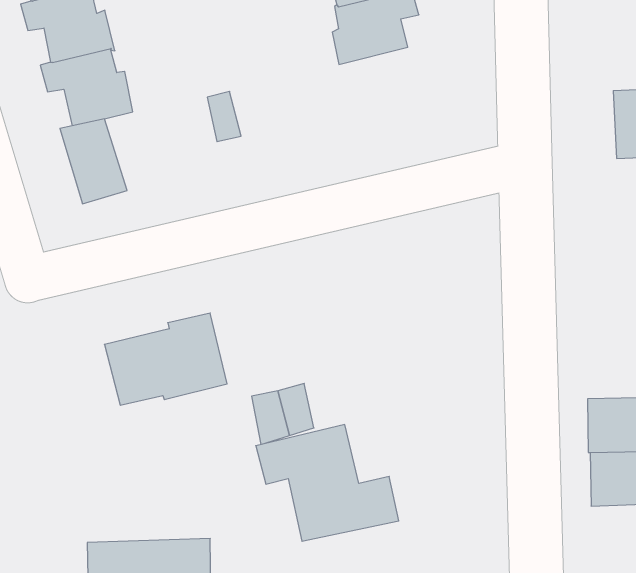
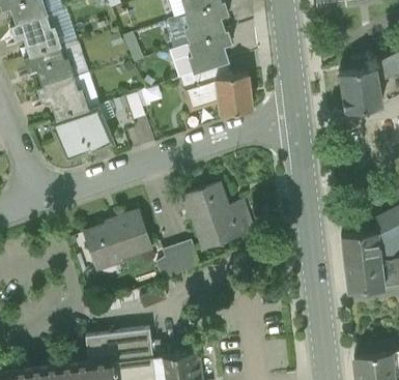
building: none -> [183,75,252,115]
building: none -> [73,107,112,153]
building: [256,425,399,541] -> [173,184,252,247]

